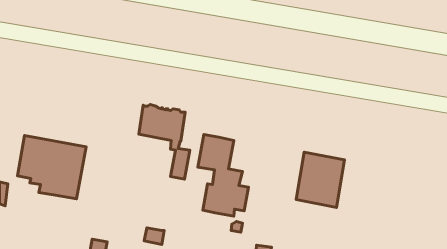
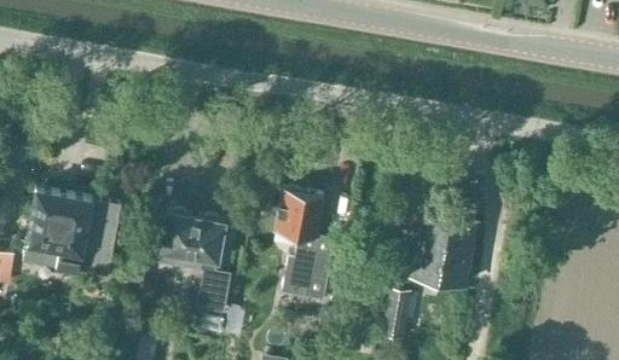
building: [139,104,190,179] -> [161,213,231,315]
building: none -> [372,291,410,335]

